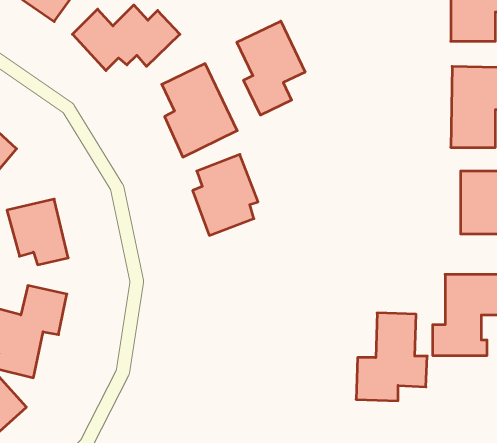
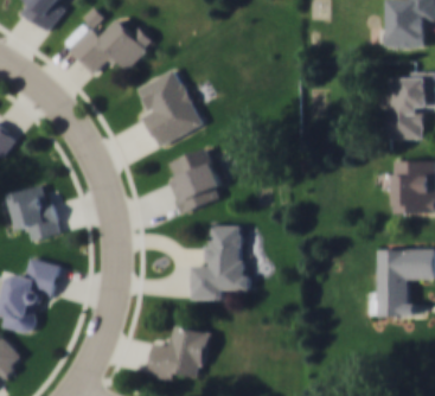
building: [237,21,305,115] -> none
building: [356,313,427,401] -> [190,225,250,300]
building: none -> [147,324,210,381]

